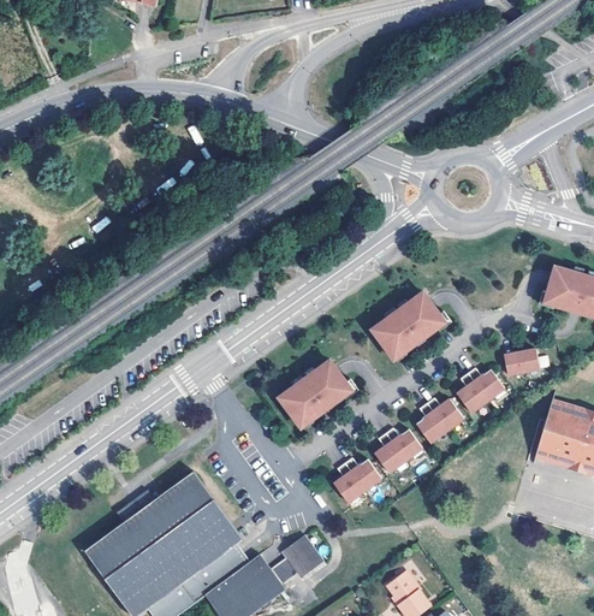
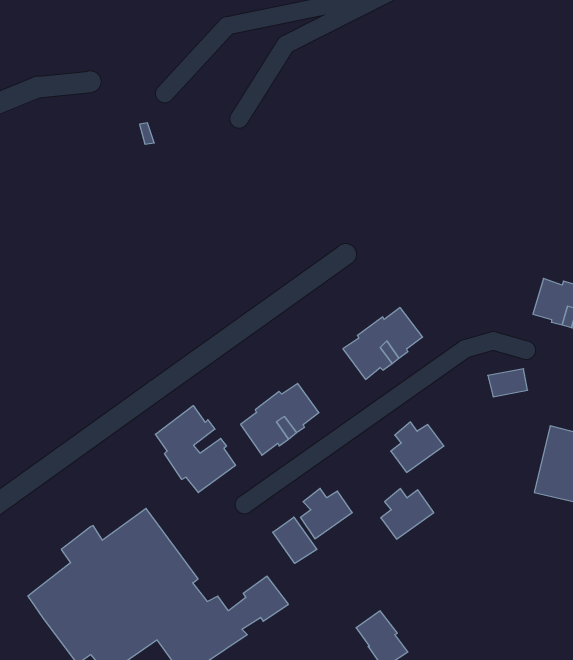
building: [456,367,504,413] -> none
building: none -> [155,406,236,493]
building: [374,427,422,473] -> [381,489,434,539]
building: none -> [273,517,317,563]

